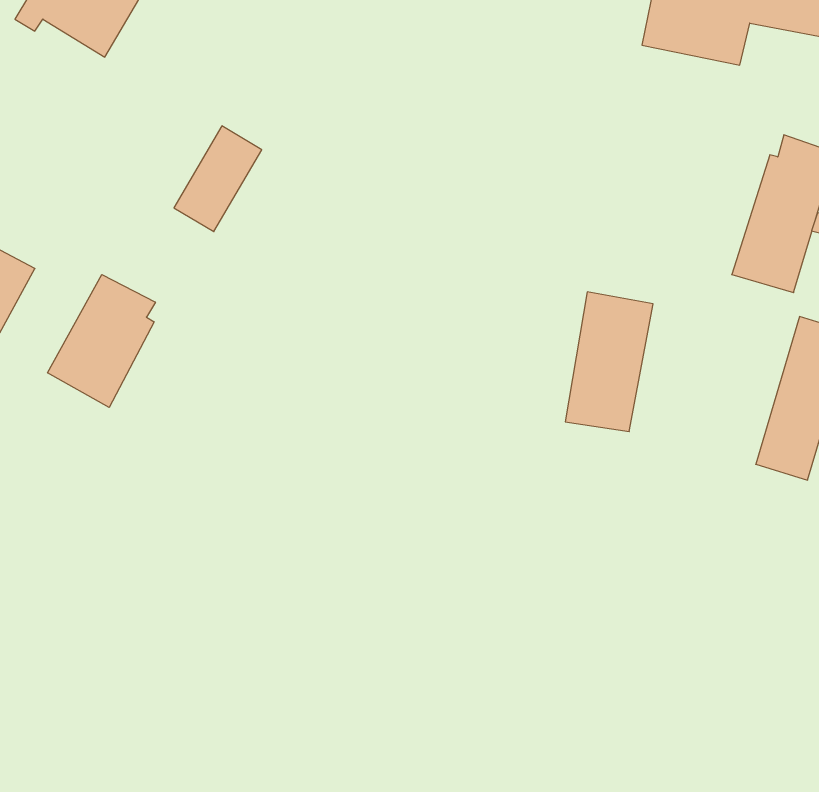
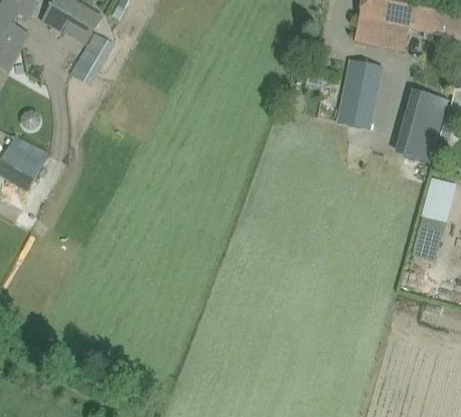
building: [174,126,262,232] -> [69,32,113,85]
building: [48,275,155,407] -> none
building: [565,292,653,432] -> [337,58,382,129]

